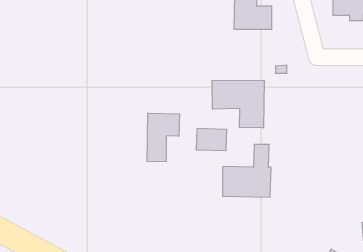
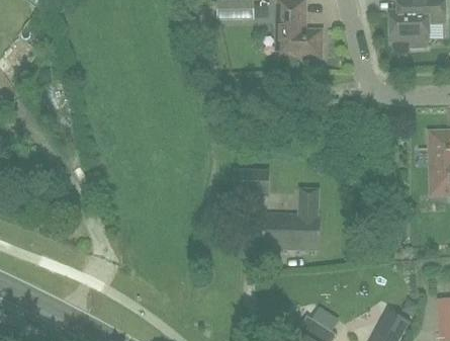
building: [212,80,264,128] -> none
building: [147,113,179,162] -> none

